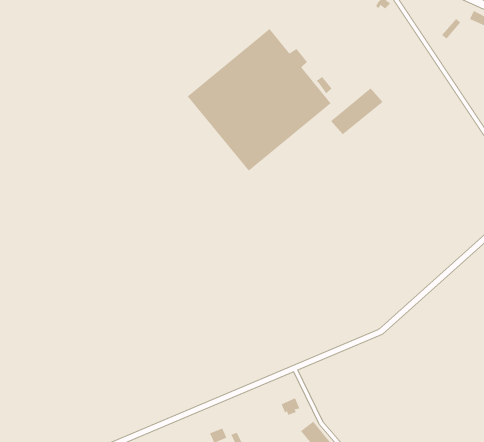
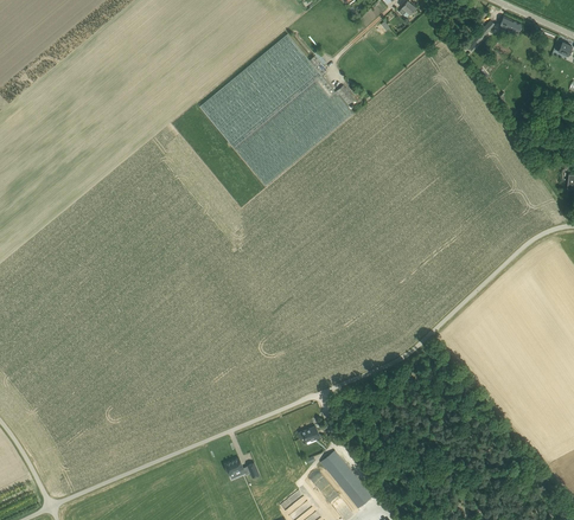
building: [330,88,383,135] -> none

